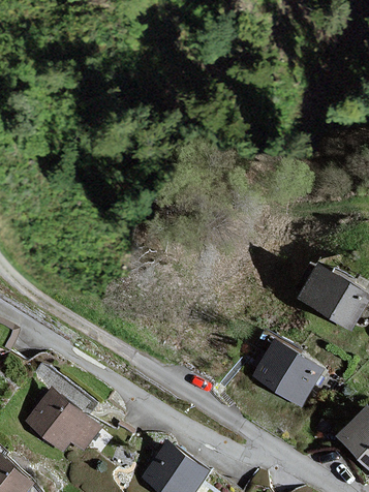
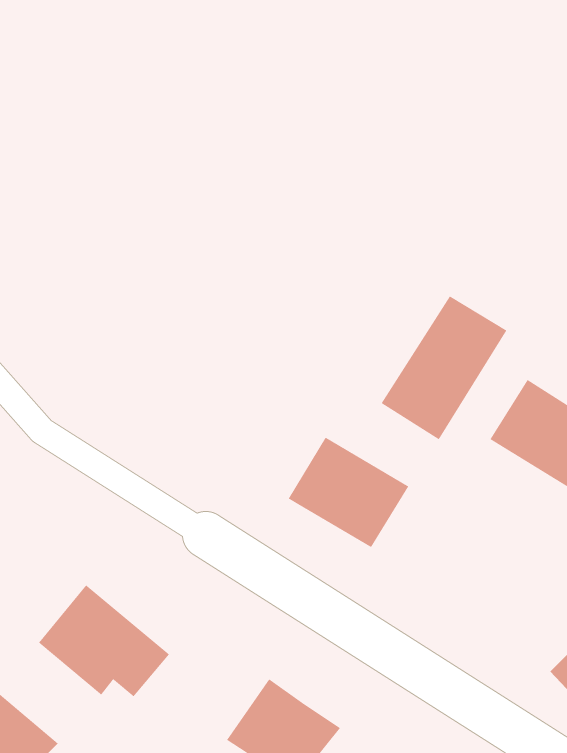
building: none -> [381,295,507,440]
building: [249,340,322,407] -> [288,437,409,548]

